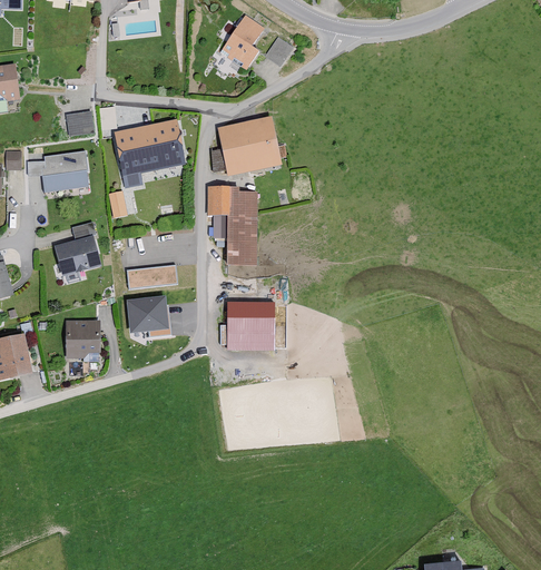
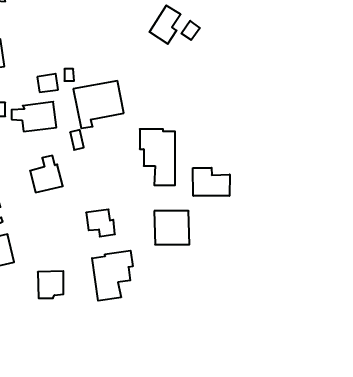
building: [218,116,281,175] -> none
building: none -> [193,168,230,196]
building: [127,263,178,288] -> none
building: [65,320,100,357] -> [38,271,63,298]
building: none -> [92,251,133,301]

